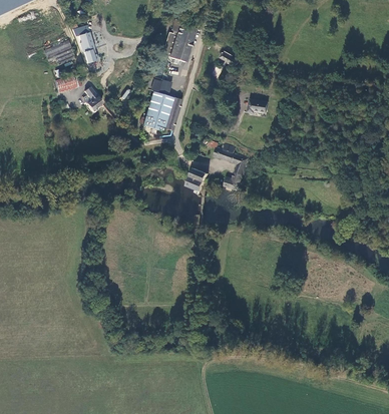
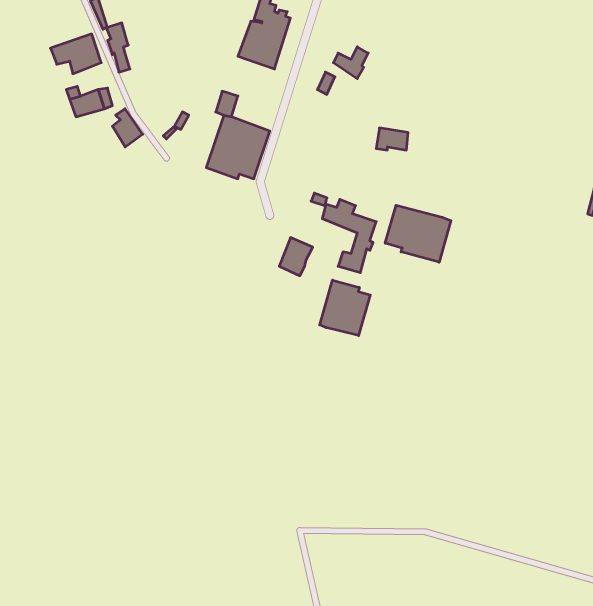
building: none -> [385,205,451,262]
building: none -> [320,280,370,336]

